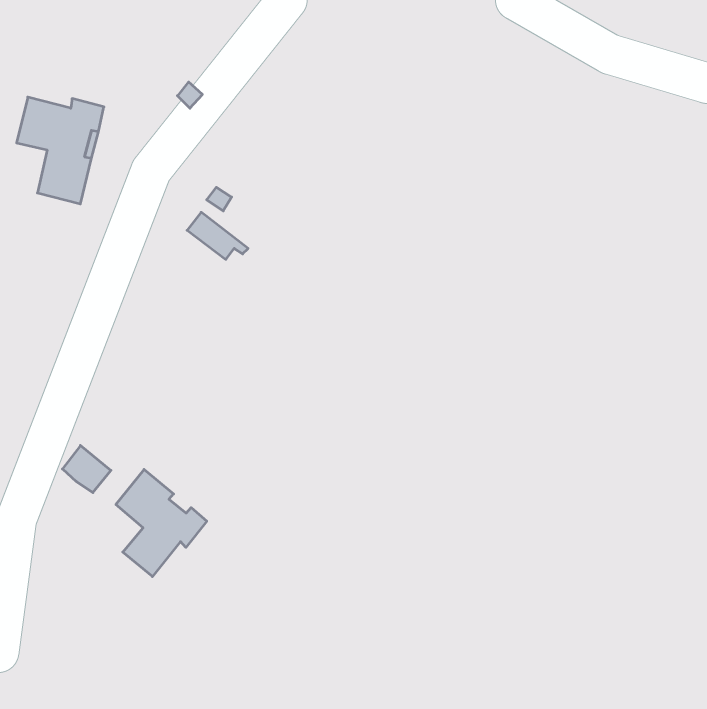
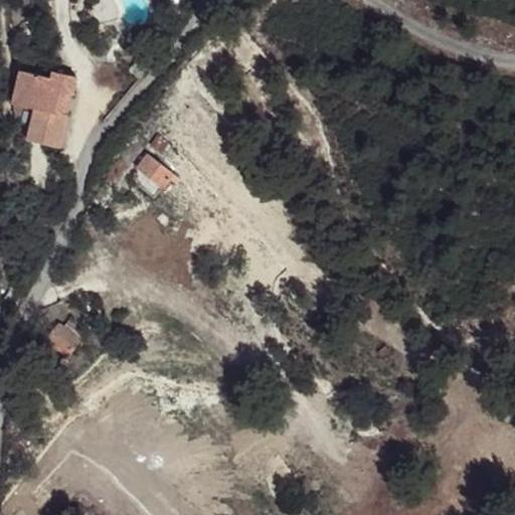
building: [116,469,207,577] -> none

